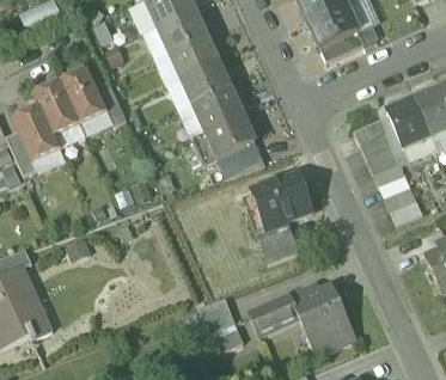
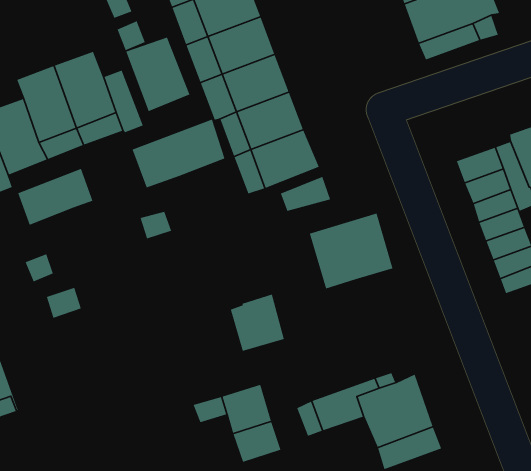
building: none -> [125,36,190,112]
building: none -> [131,118,226,188]
building: none -> [17,168,93,226]
building: [257,220,298,263] -> [230,294,285,352]

